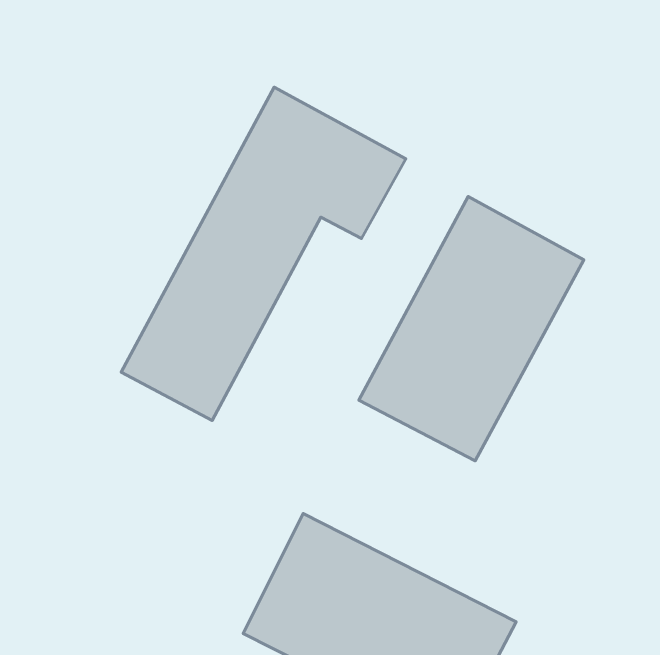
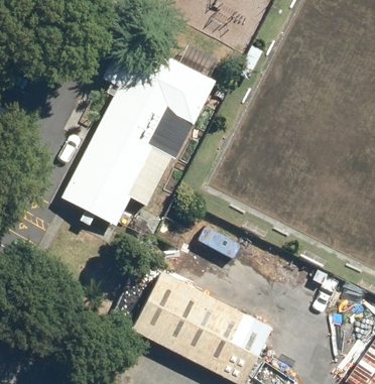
building: [359,197,584,461] -> none

